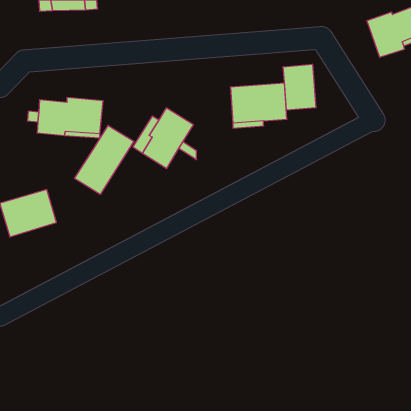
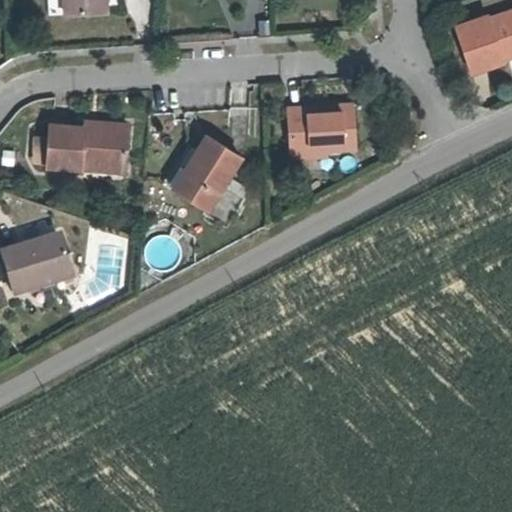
building: [283,64,316,110] -> none
building: [75,125,134,194] -> none

